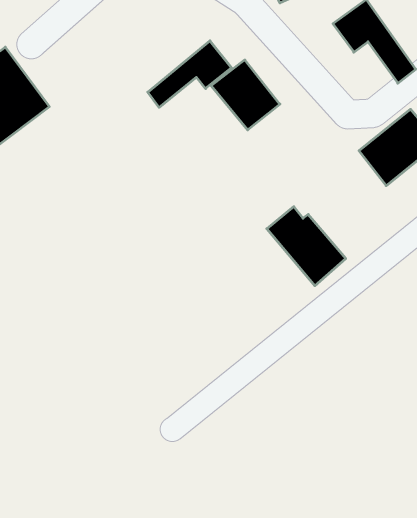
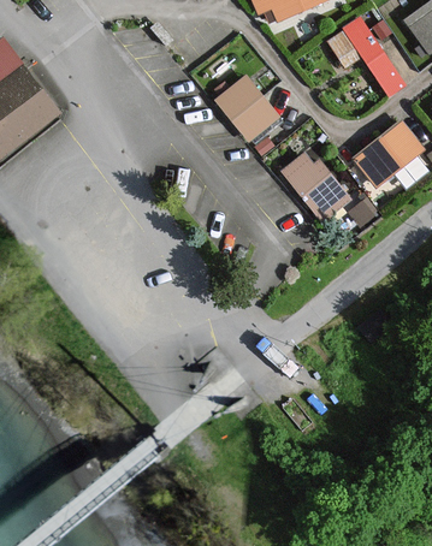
building: [148,41,231,107] -> none
building: [267,207,346,286] -> [279,150,353,224]

